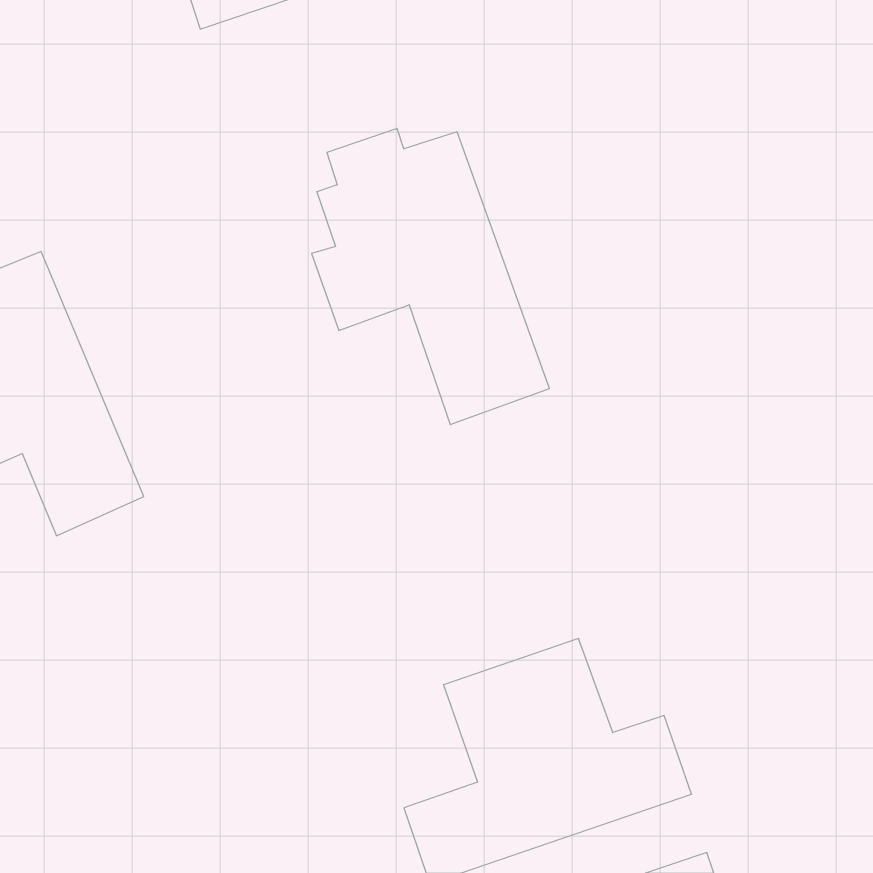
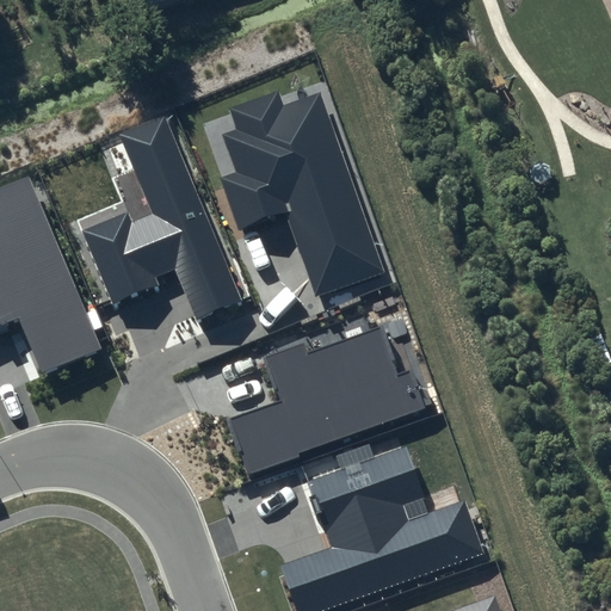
building: none -> [81,117,240,320]
building: none -> [228,326,426,474]

